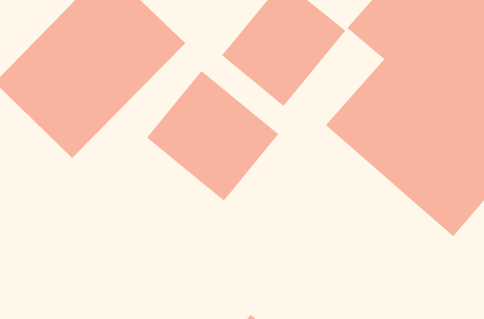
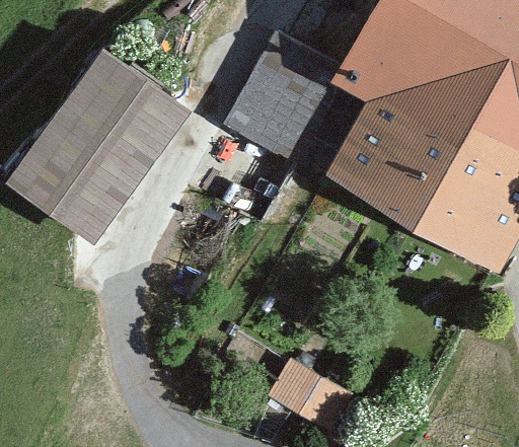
building: [146,70,279,202] -> none

